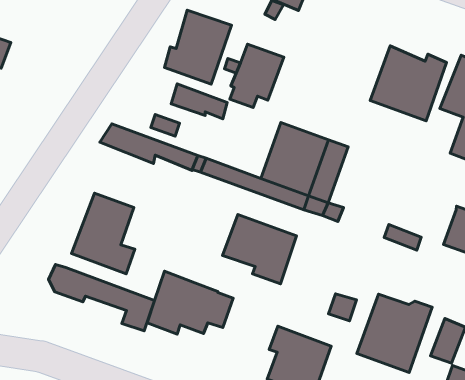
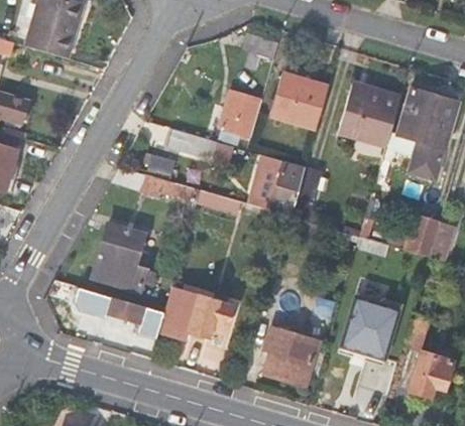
building: [165,10,231,84] -> none
building: none -> [269,73,328,129]
building: [223,214,297,284] -> none

